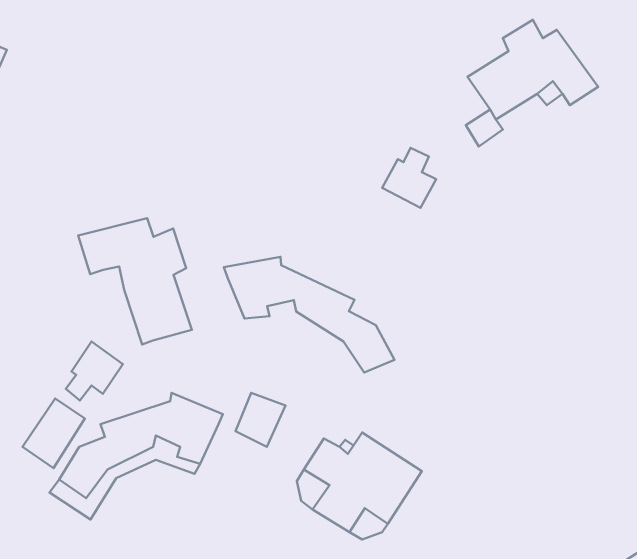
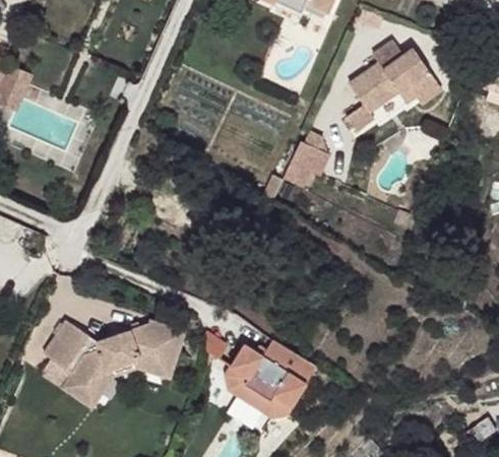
building: [78,218,192,345] -> none
building: [224,257,395,372] -> none
building: [66,342,123,400] -> none

